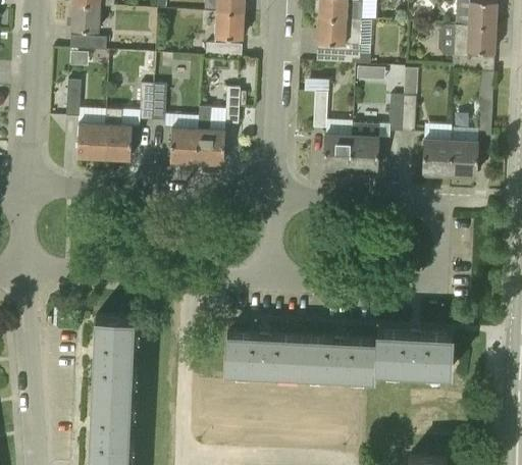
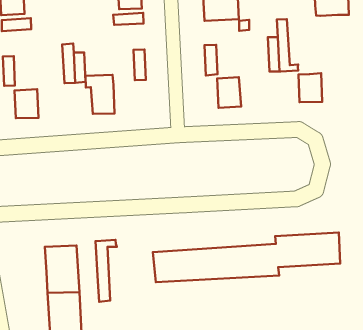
building: [450,98,492,174] -> none
building: [197,106,225,163] -> none
building: [104,107,133,159] -> none
building: [351,122,379,170] -> none
building: none -> [95,240,117,302]

